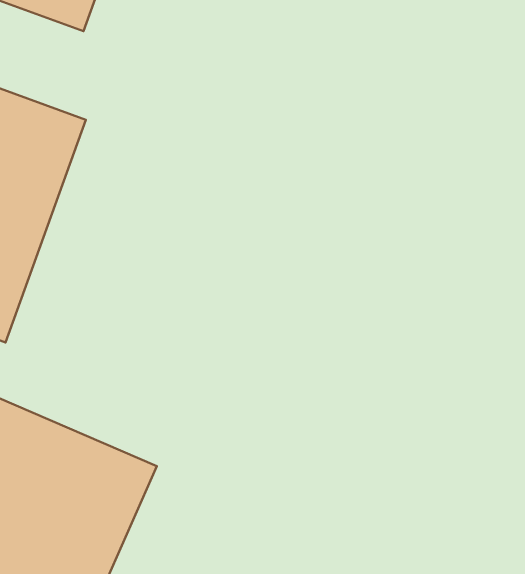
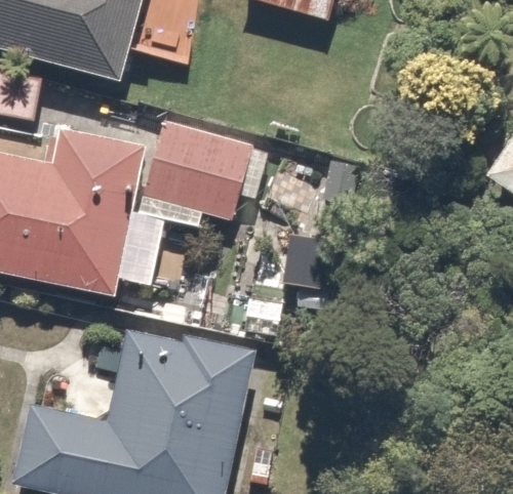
building: none -> [117,146,219,237]

